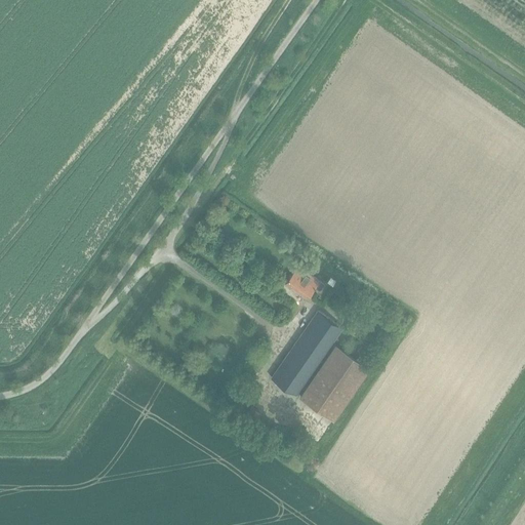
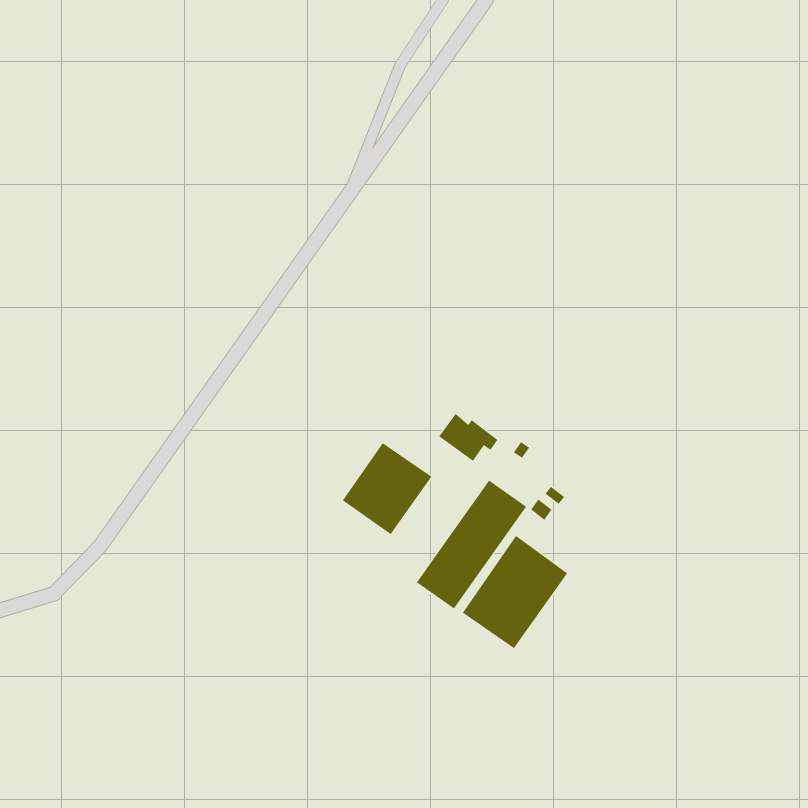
building: none -> [342,442,432,535]

